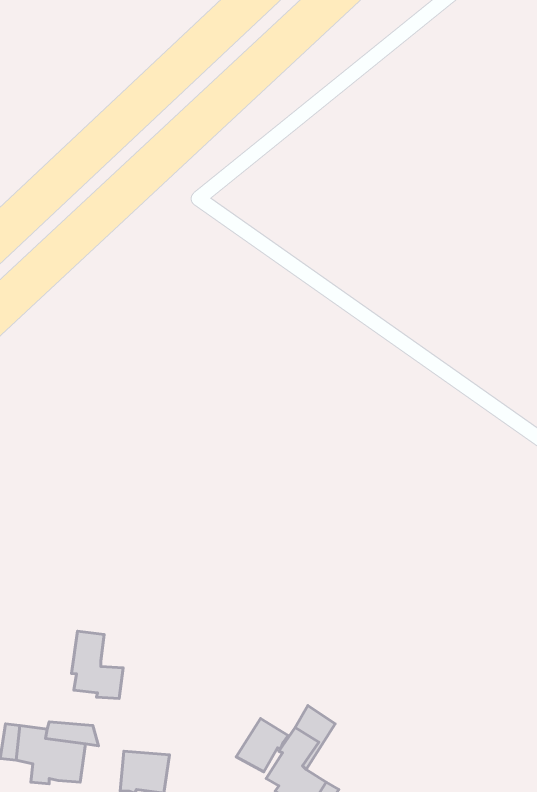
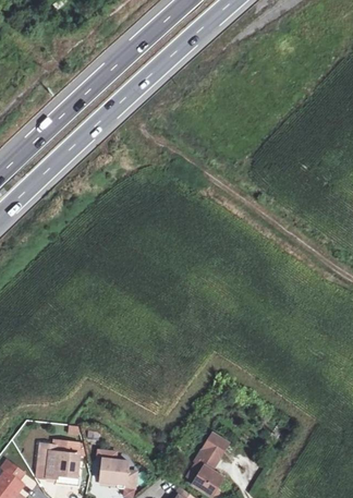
building: [71,631,123,699] -> none
building: [236,718,288,772] -> none

